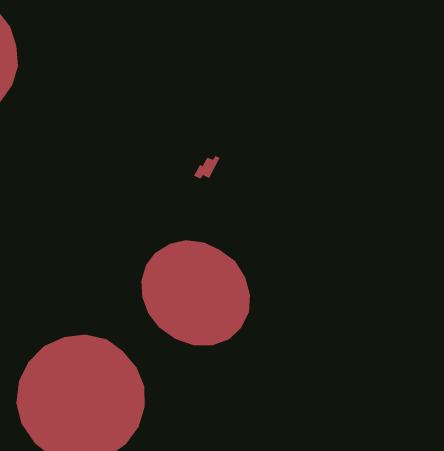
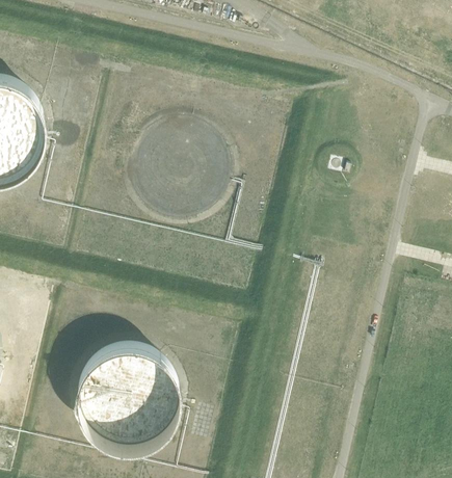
building: [141,240,251,346] -> none

